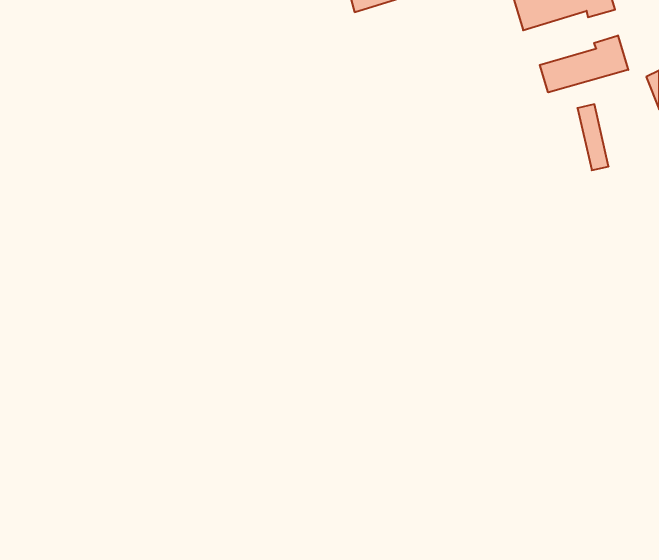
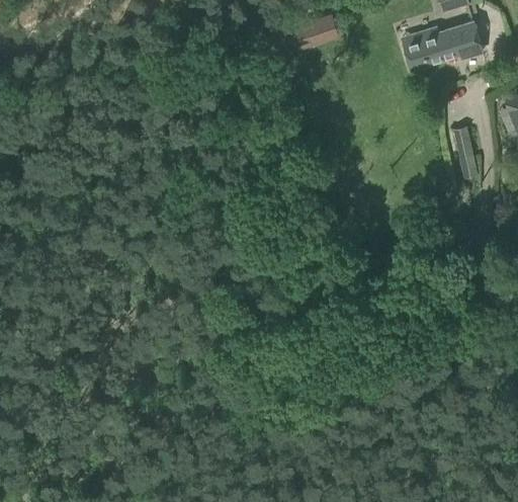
building: [540,35,628,92] -> none

